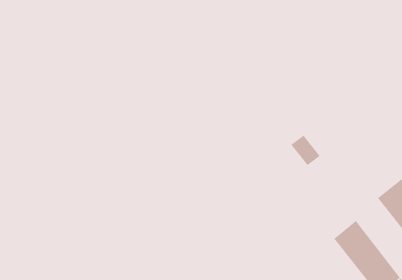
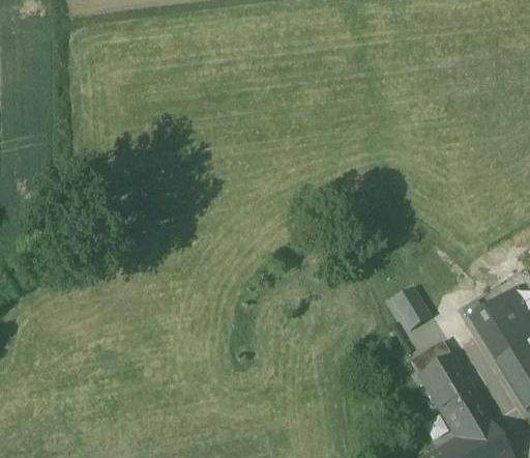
building: [290,135,321,166] -> [392,294,428,333]

